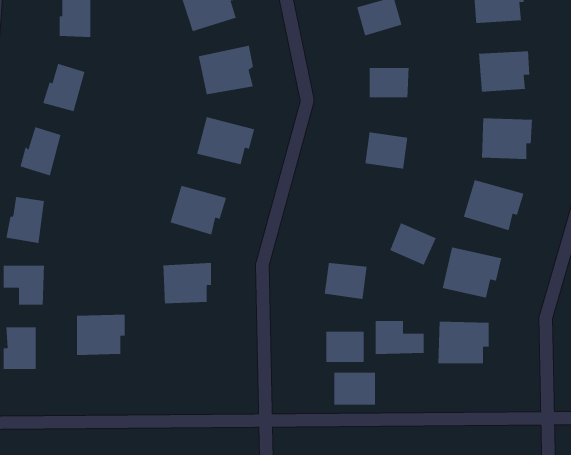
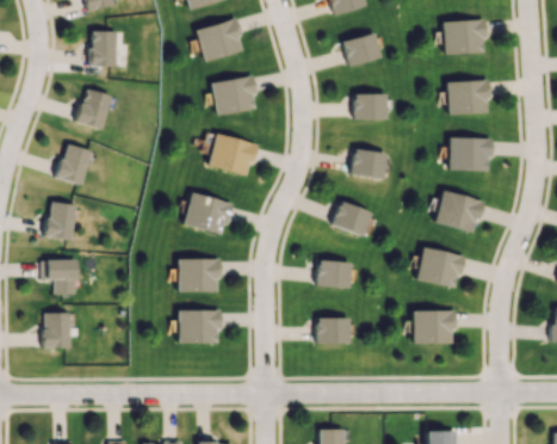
building: [389,222,437,266] -> [332,201,372,238]
building: [76,314,125,356] -> [178,312,219,347]
building: [375,320,424,355] -> none
building: [333,372,376,406] -> none

